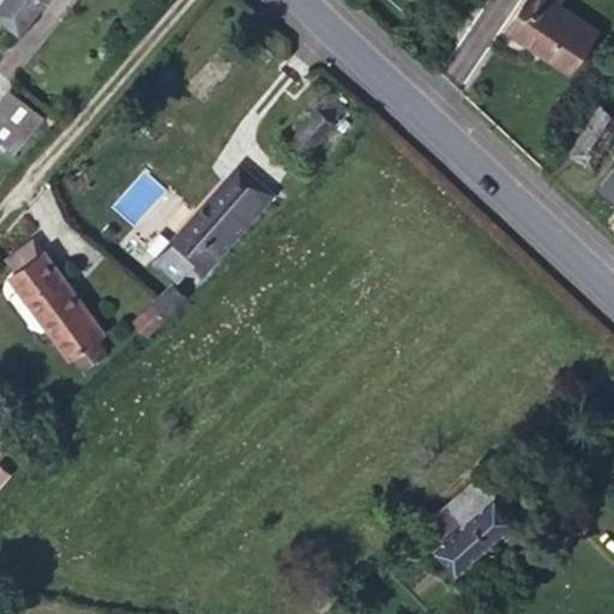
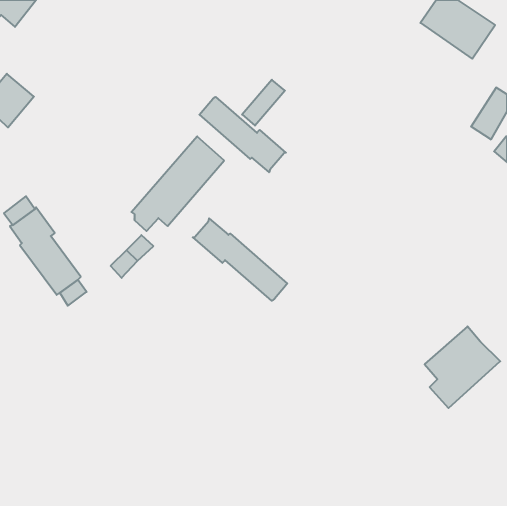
building: none -> [199,97,286,172]
building: none -> [193,218,287,301]
building: [427,477,518,576] -> [425,326,500,408]

